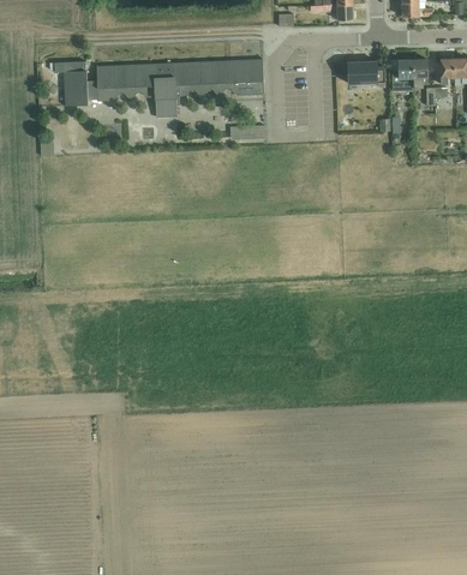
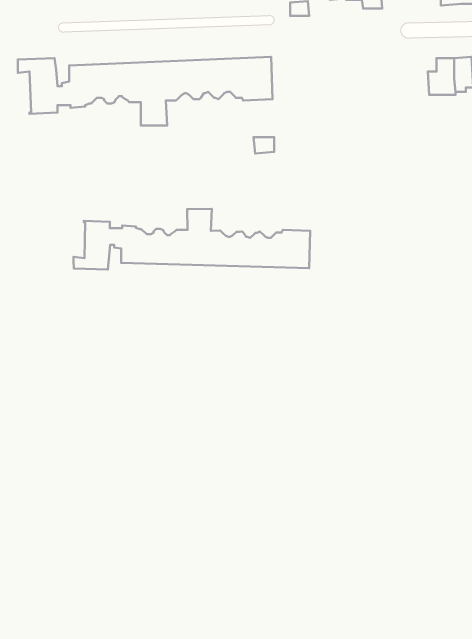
building: [341,59,385,85] -> none
building: none -> [74,209,310,269]

